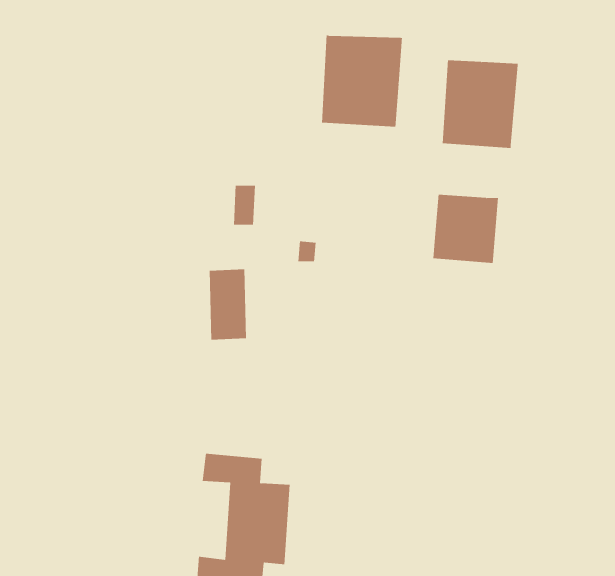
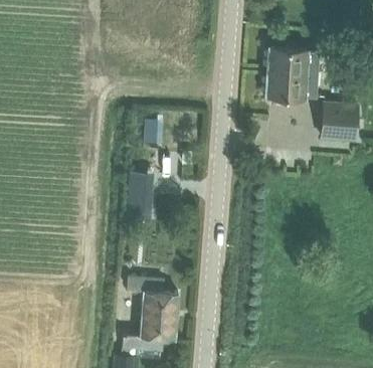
building: [322,35,402,128] -> none
building: [433,194,499,264] -> [321,104,359,144]

